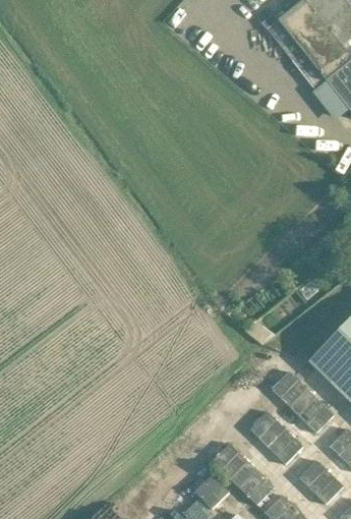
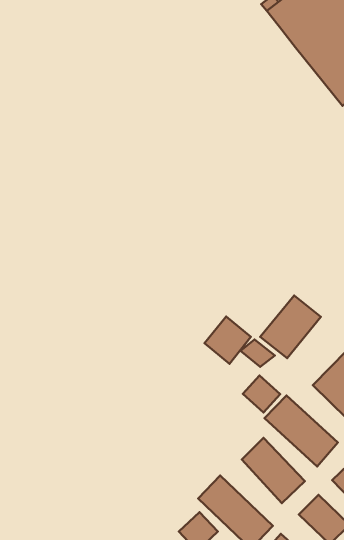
building: none -> [260,296,321,358]
building: none -> [204,316,251,364]
building: none -> [243,375,280,413]

